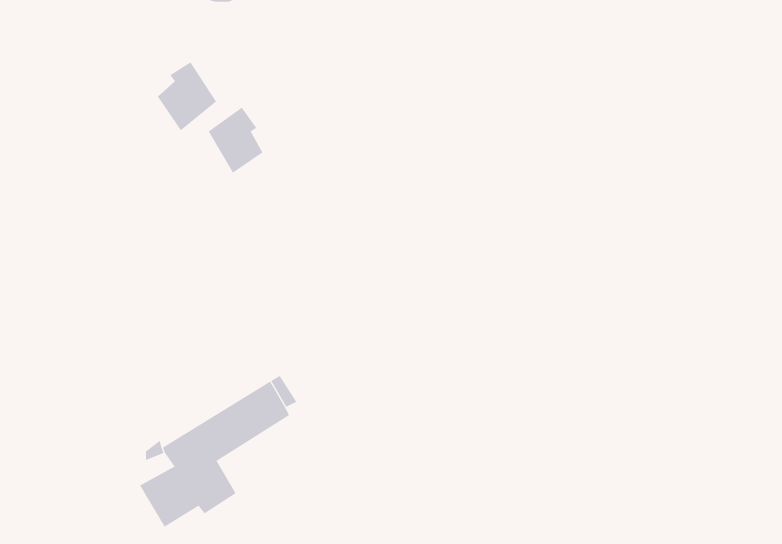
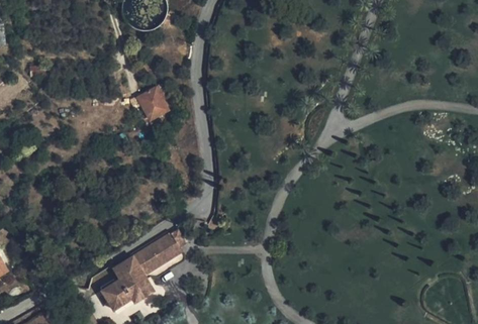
building: [157,61,217,131] -> none

